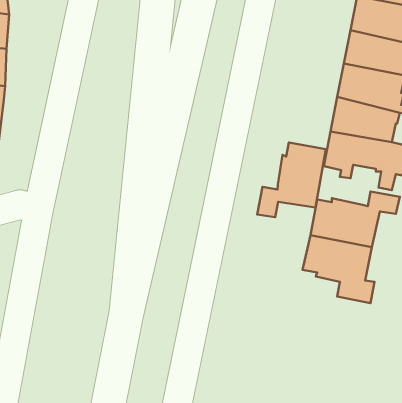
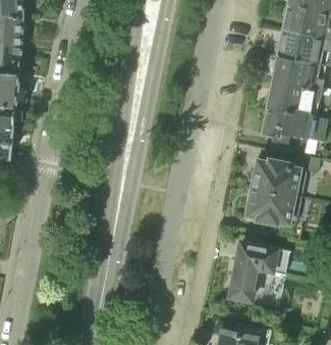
building: [257,142,326,217] -> none
building: none -> [229,241,288,303]

